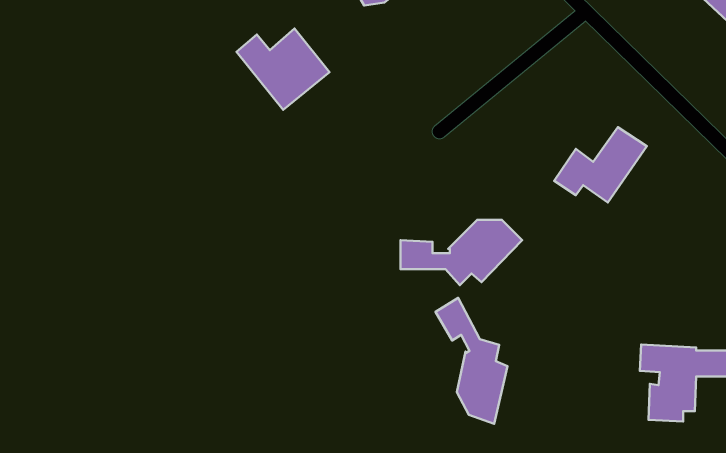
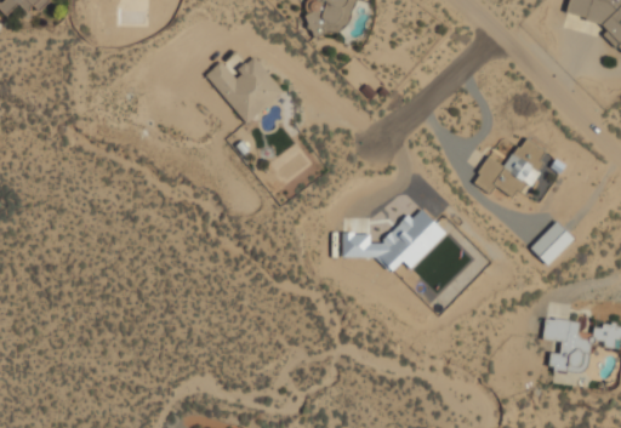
building: none -> [530,221,574,263]
building: [436,298,507,424] -> none

